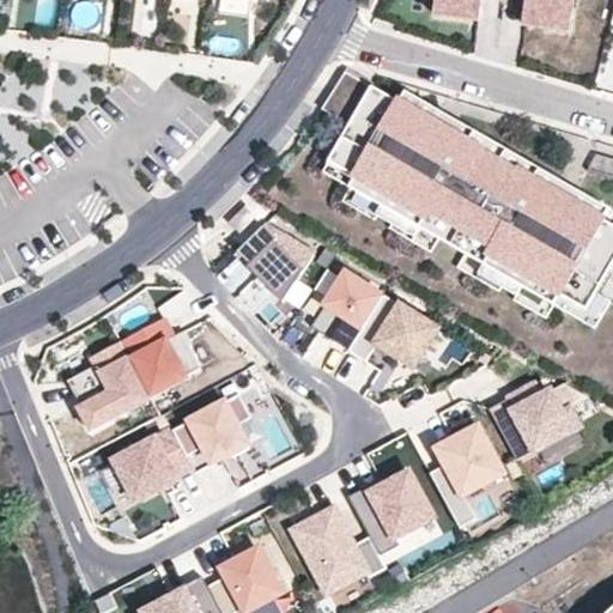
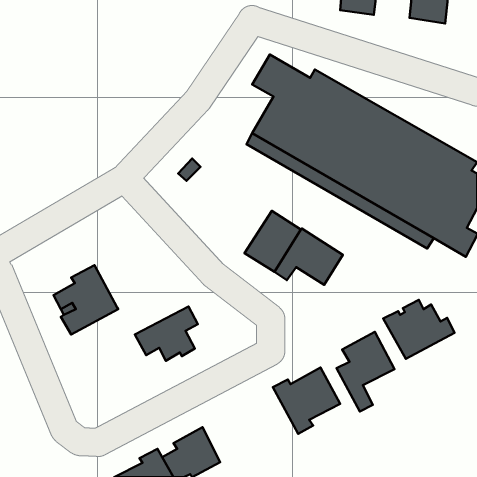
building: [237,223,312,303] -> none
building: [121,315,201,393] -> none
building: [114,427,192,498] -> none
building: [293,505,387,591] -> none

